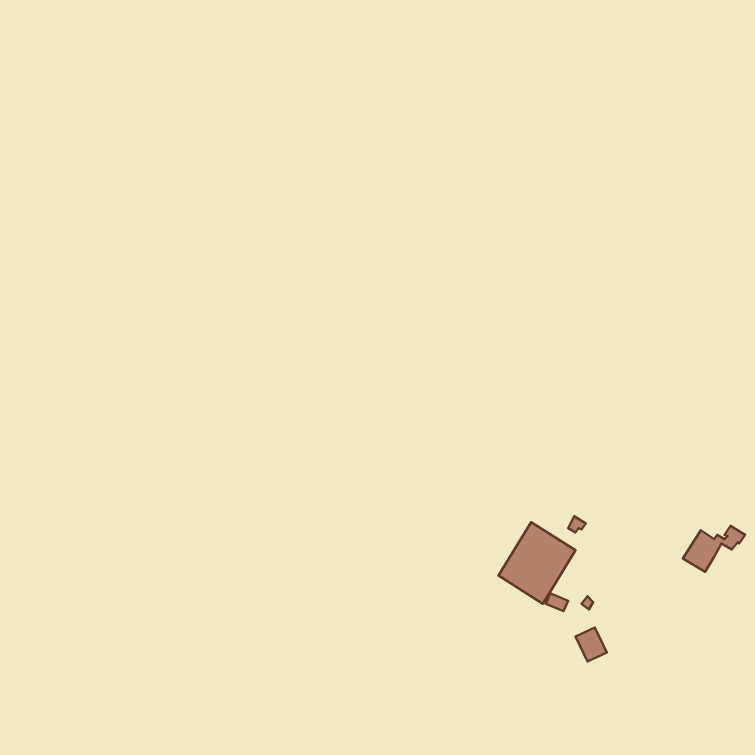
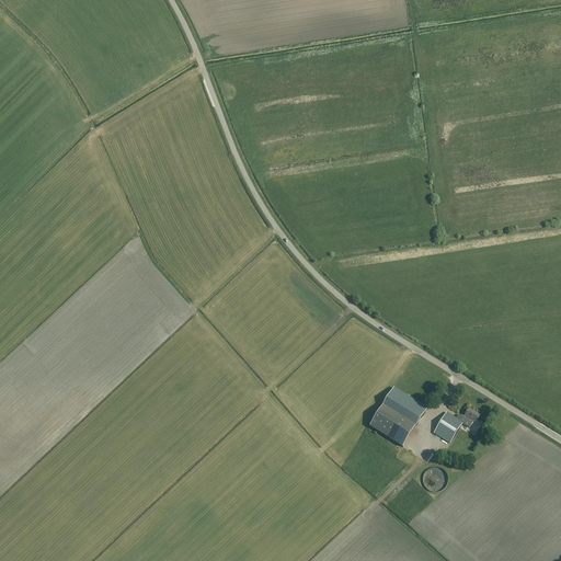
building: [683,526,745,572] -> [432,408,478,442]

